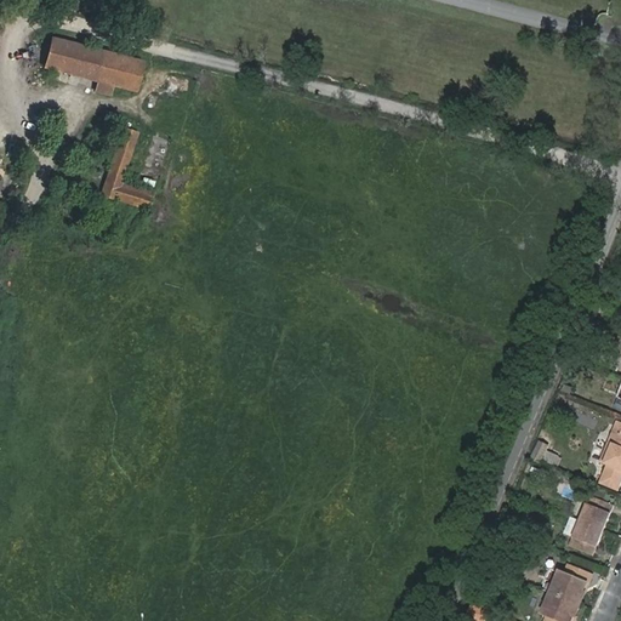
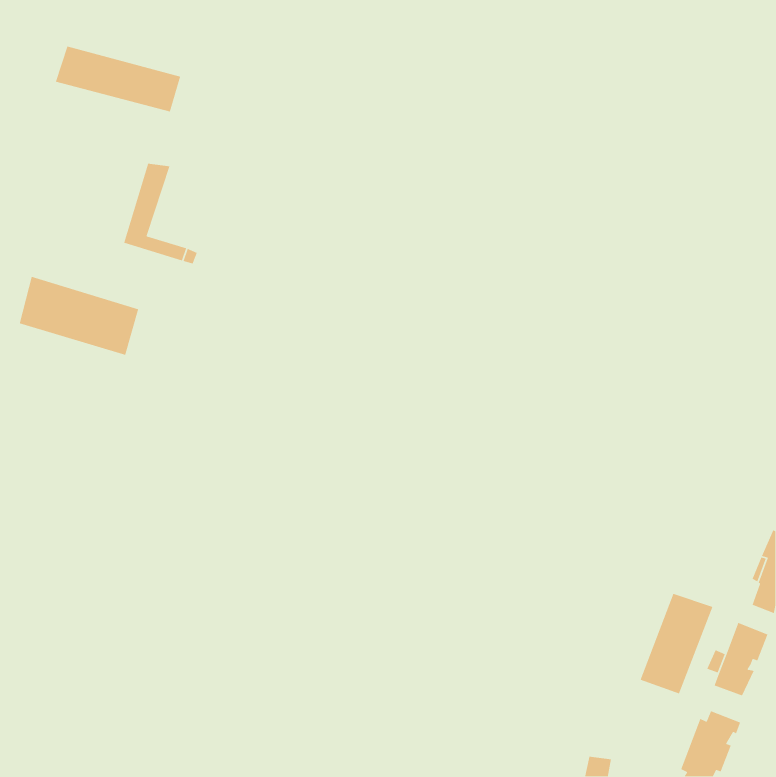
building: none -> [19,276,139,356]
building: none -> [639,593,714,695]

